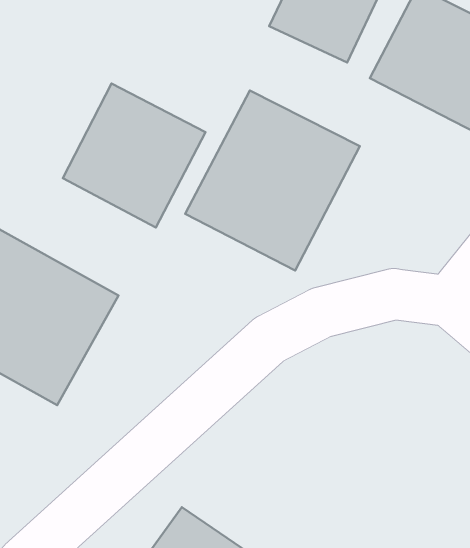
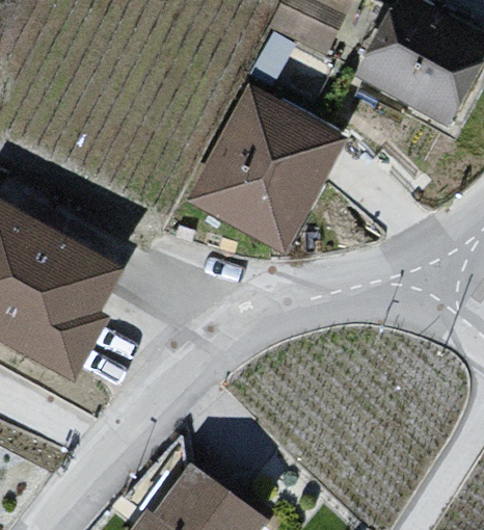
building: [63,83,205,228] -> none

